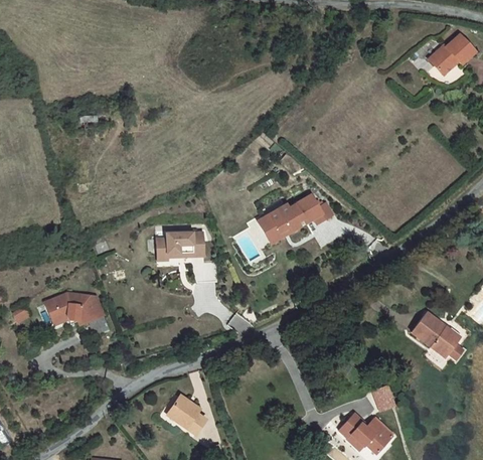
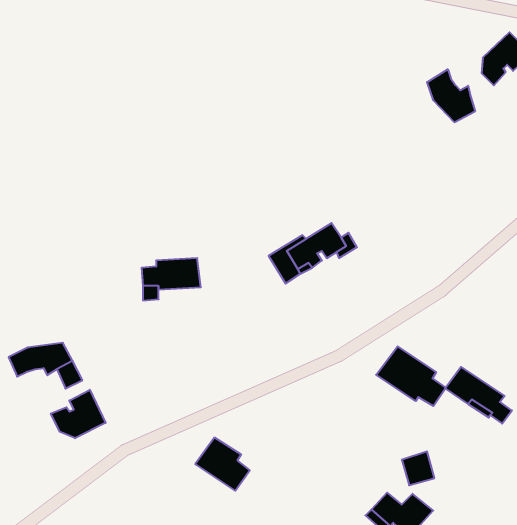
building: none -> [427,69,475,122]
building: none -> [376,346,446,406]
building: none -> [51,390,106,438]
building: [166,393,211,437] -> [195,438,250,491]

